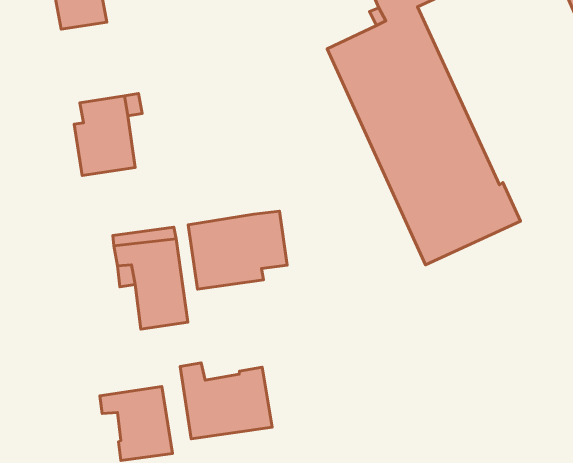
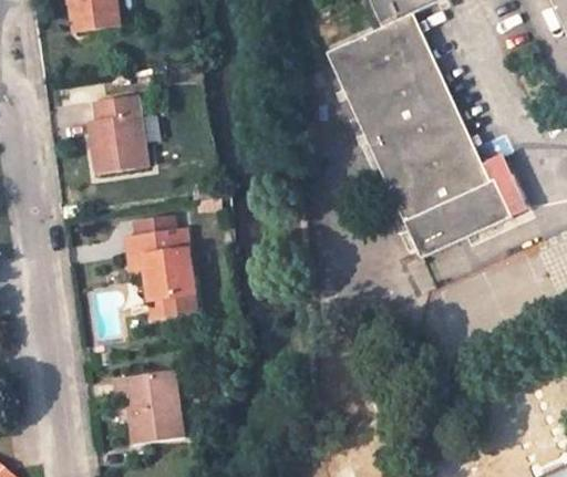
building: [188,211,287,289] -> none
building: [180,363,272,439] -> none

